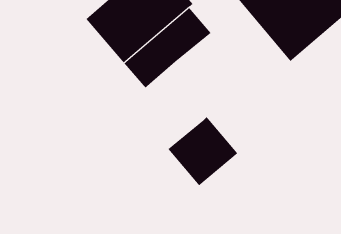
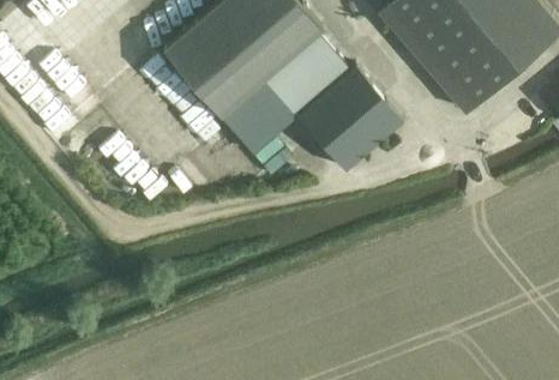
building: [167,116,238,186] -> [296,66,402,170]

